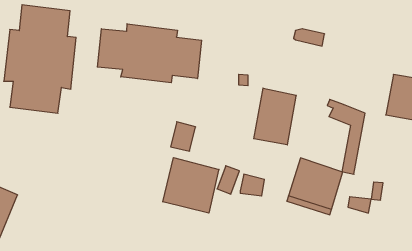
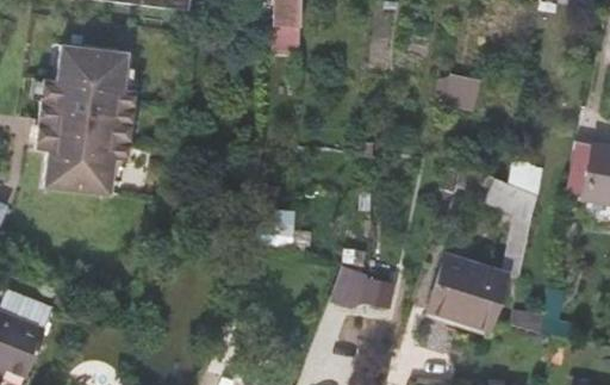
building: [97,24,202,83] -> none
building: [254,88,296,145] -> none
building: [163,158,219,213] -> none

